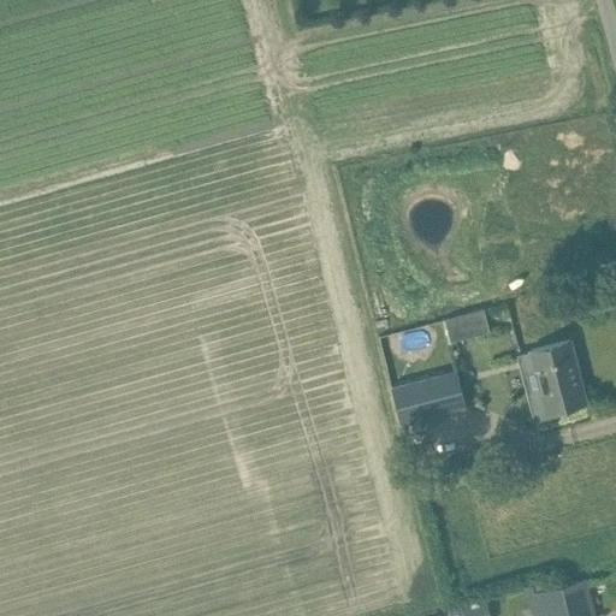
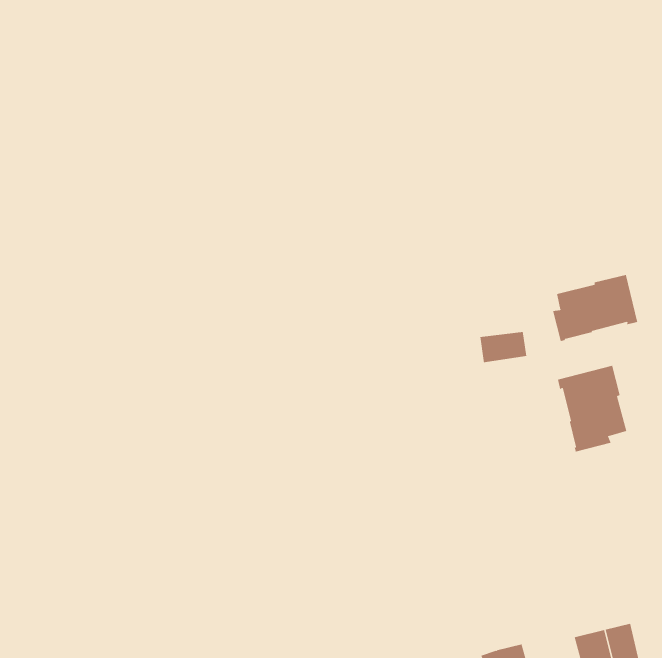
building: none -> [553,274,638,342]
building: [391,373,466,427] -> none

